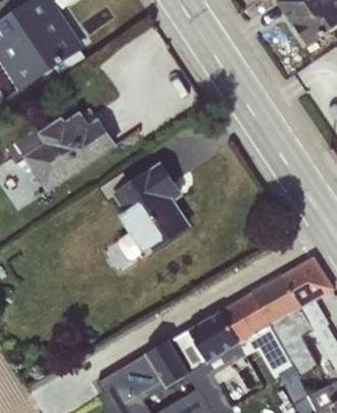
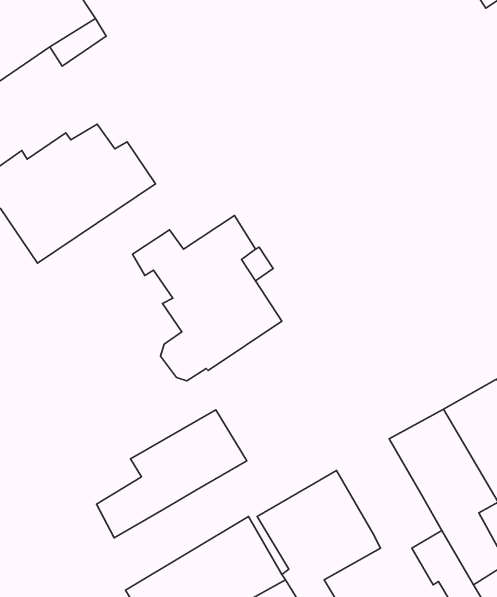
building: none -> [96,410,247,538]
building: [220,293,269,349] -> none

